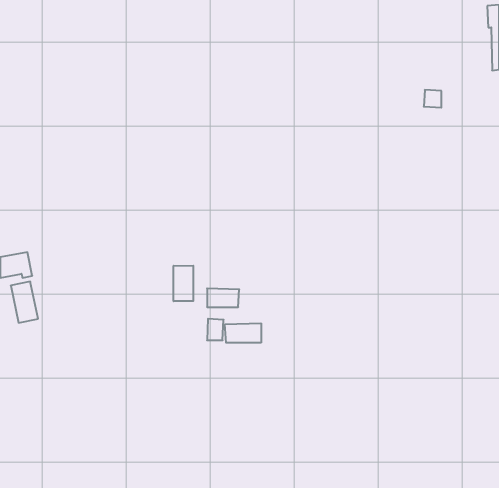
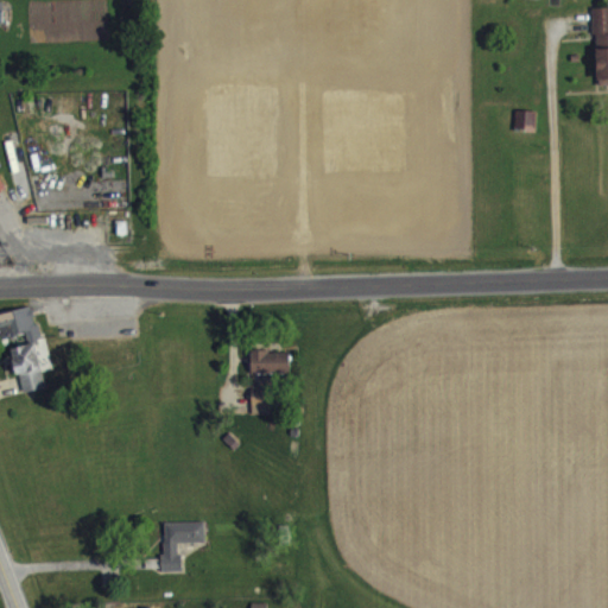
building: [174,266,193,301] -> none
building: [225,323,261,343] -> none
building: none -> [140,521,205,570]

